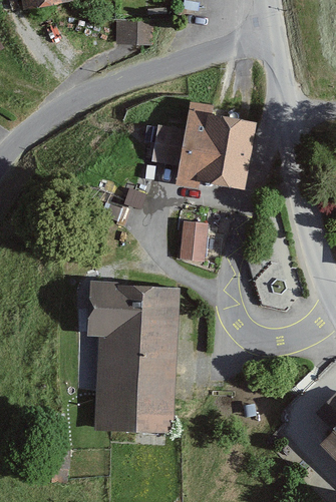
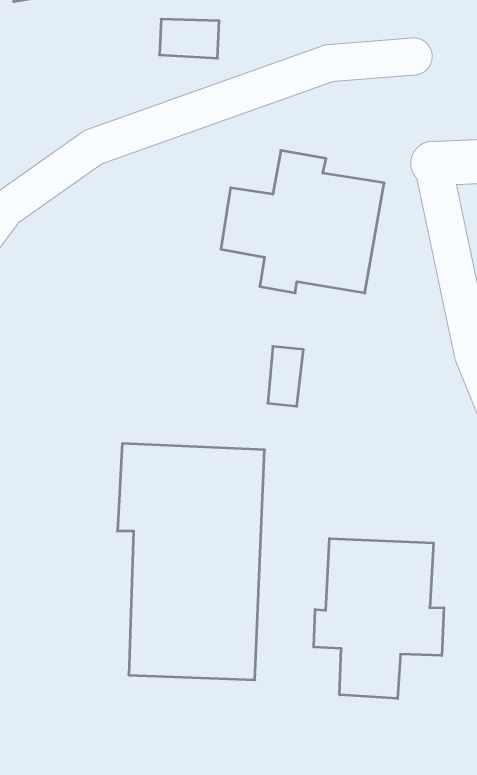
building: none -> [314,538,444,699]

